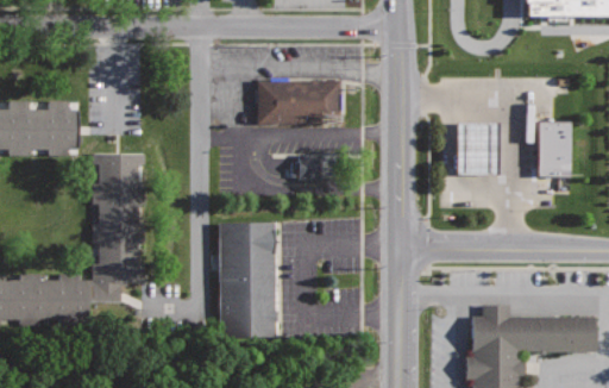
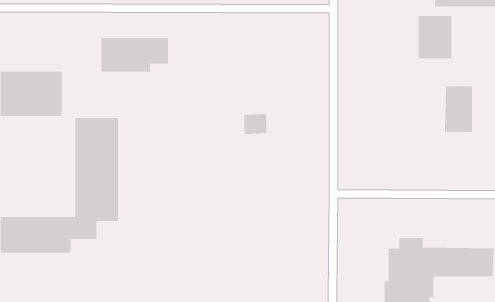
building: [258,79,340,120] -> [101,37,169,72]
building: [456,120,497,173] -> [418,15,452,59]
building: [216,219,266,342] -> none

